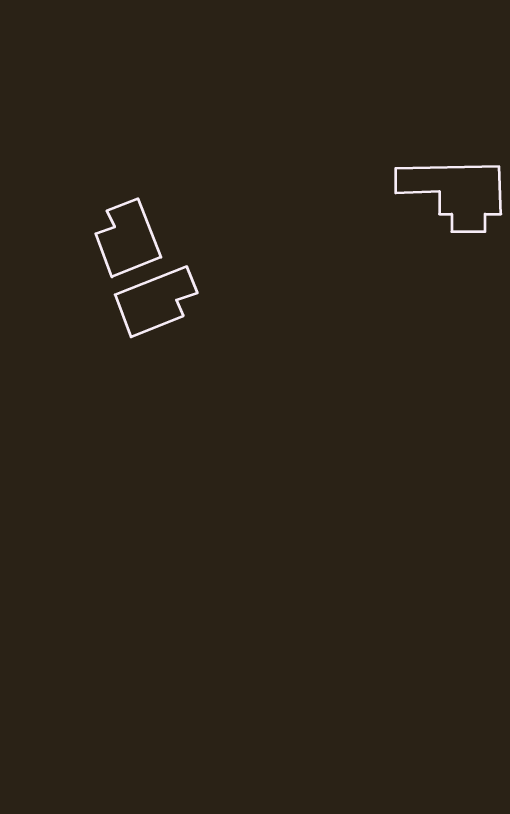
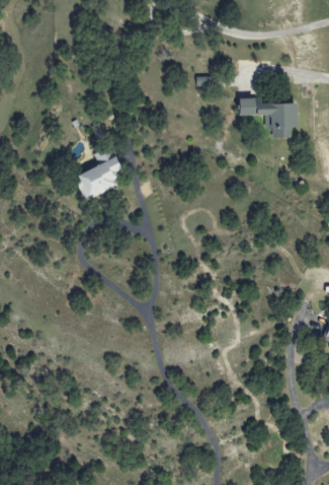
building: [96,199,161,277] -> none

